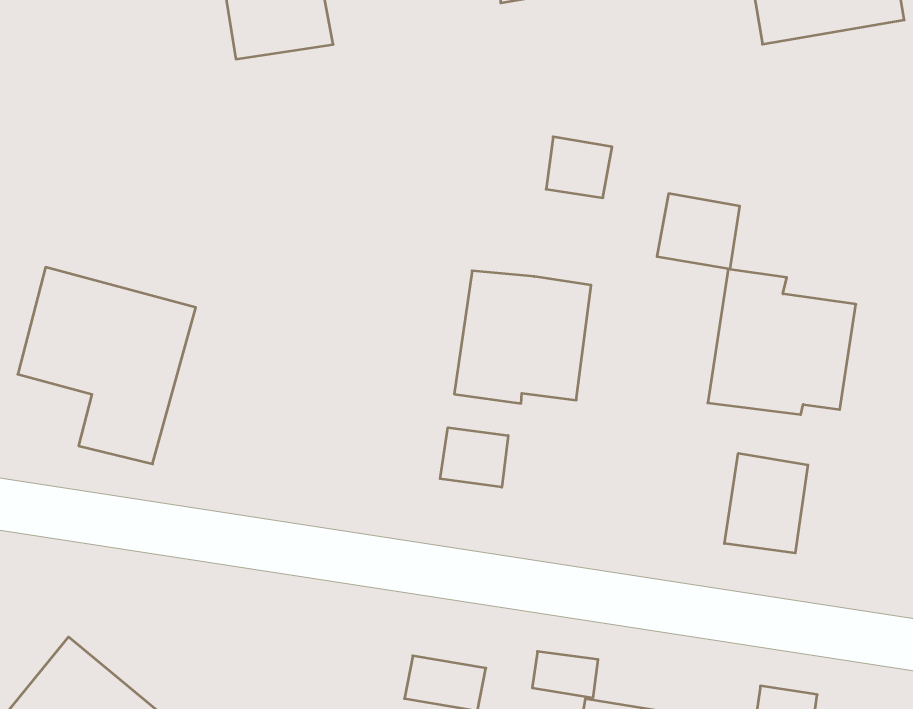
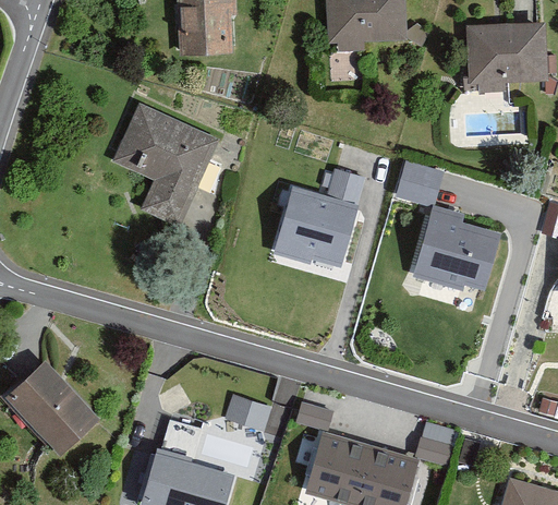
building: [546,137,612,198] -> [326,167,365,204]
building: [18,267,196,464] -> [113,106,216,221]
building: [440,428,508,487] -> none
building: [724,453,808,553] -> none

